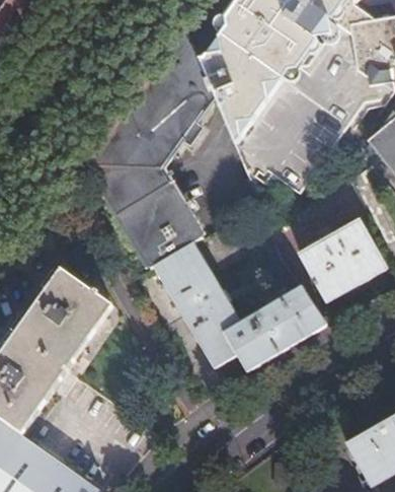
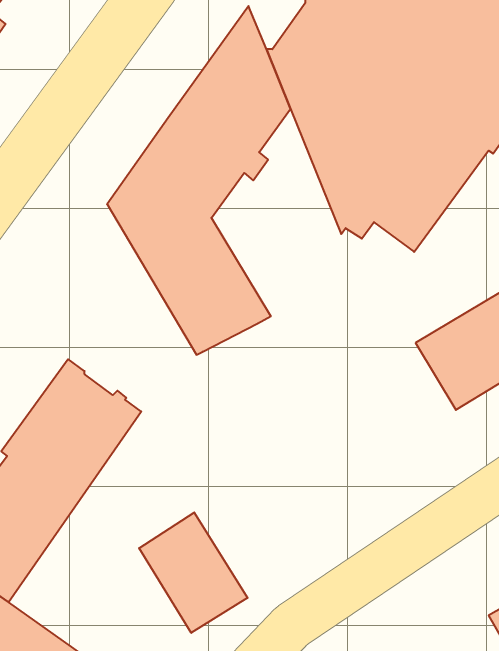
building: [154,243,327,372] -> none
building: none -> [139,512,248,633]

